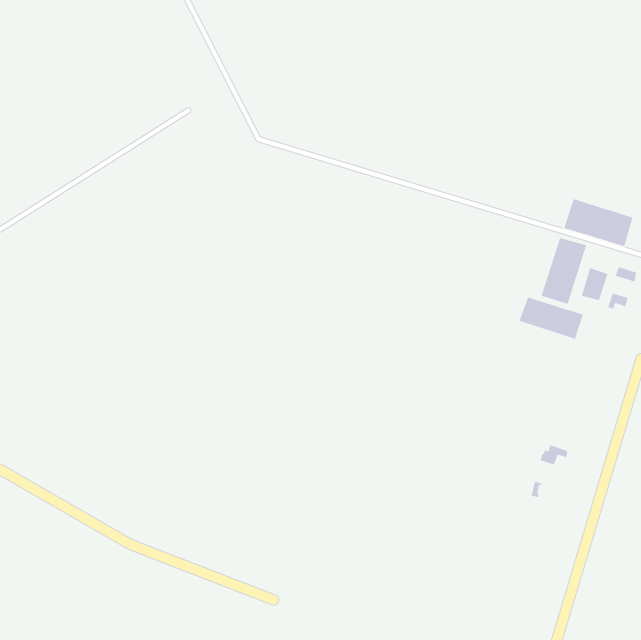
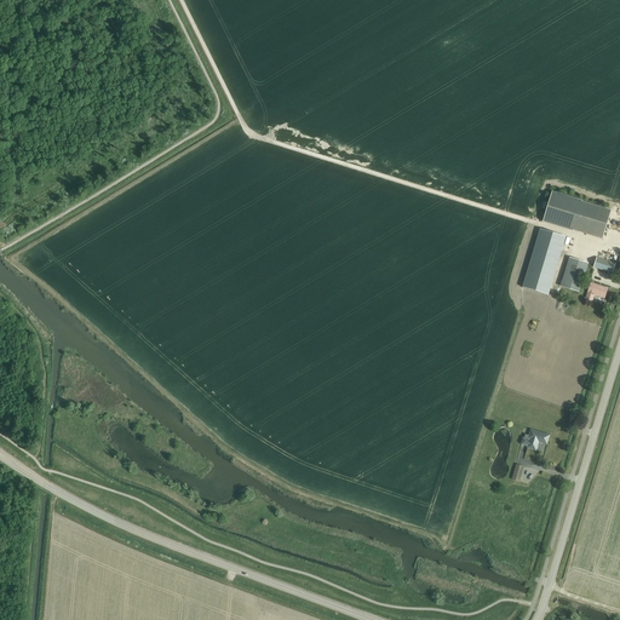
building: [518,296,584,340] -> none

